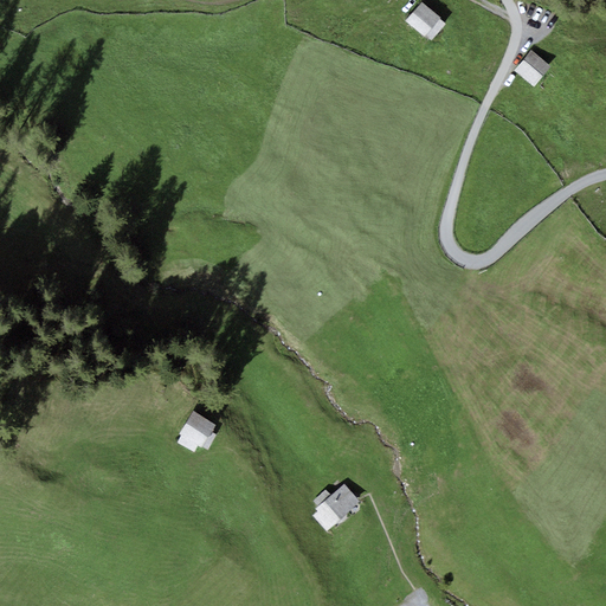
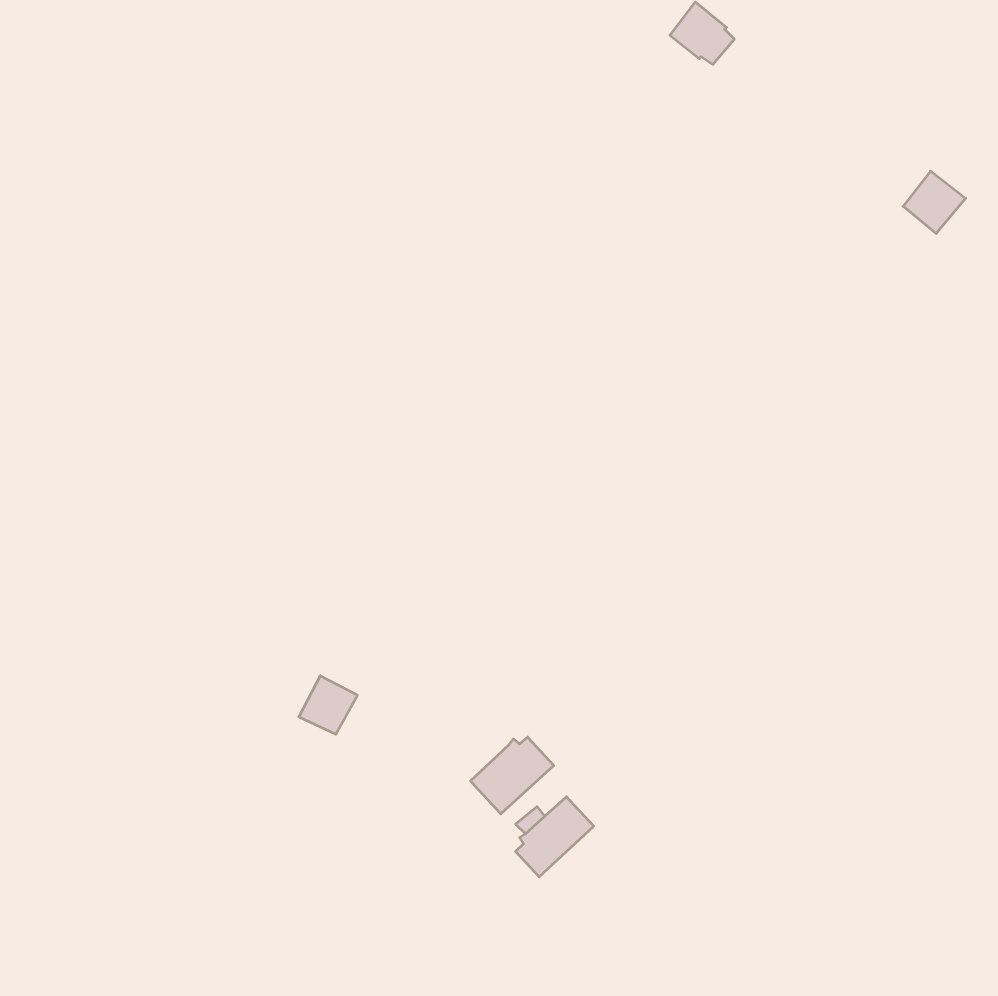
building: [514,49,552,86] -> [903,171,966,234]
building: none -> [471,737,554,814]

